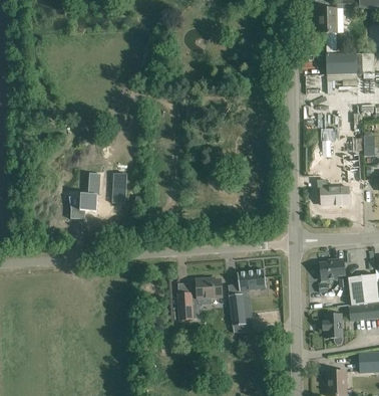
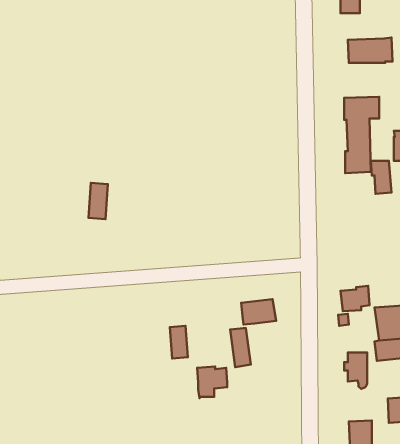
building: [70,175,101,221] -> none
building: [321,179,349,204] -> none
building: [197,278,222,305] -> [197,367,227,398]

